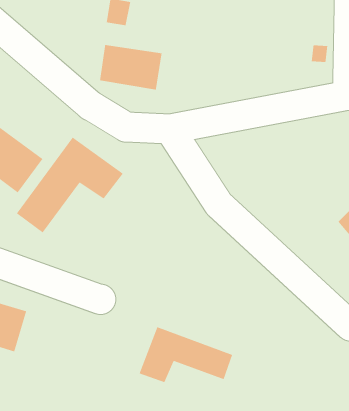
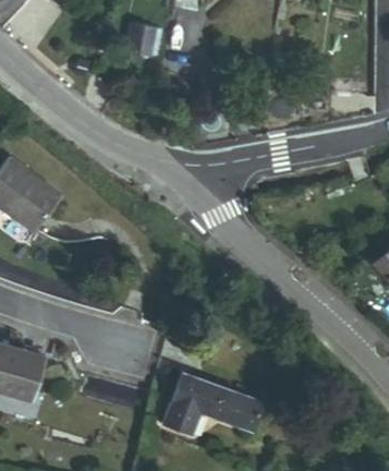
building: [99,44,162,90] -> none
building: [16,137,124,234] -> none

